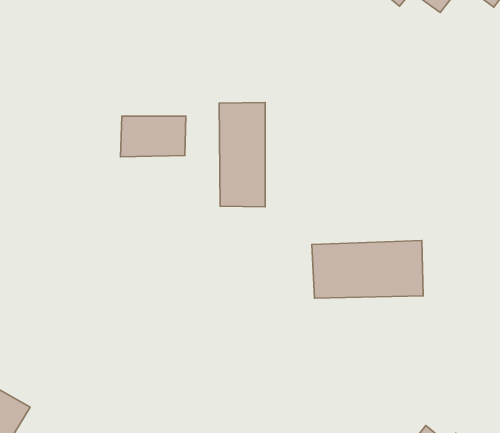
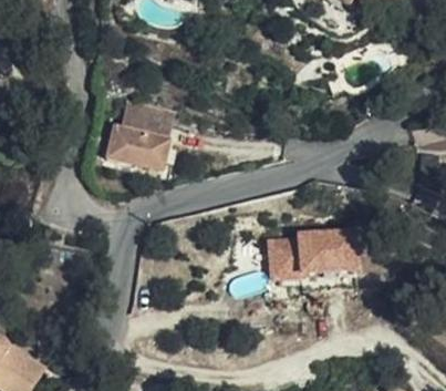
building: [219,103,265,207] -> none

